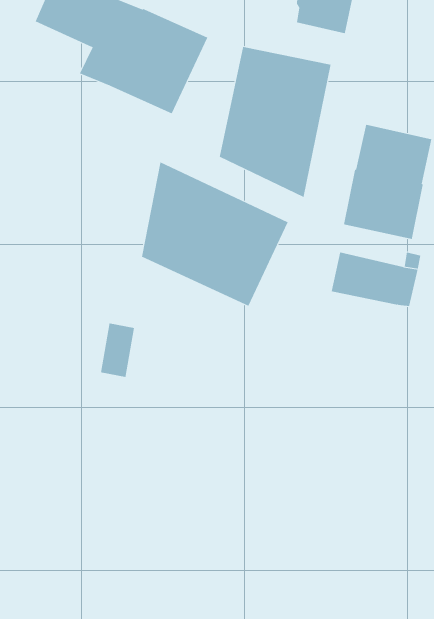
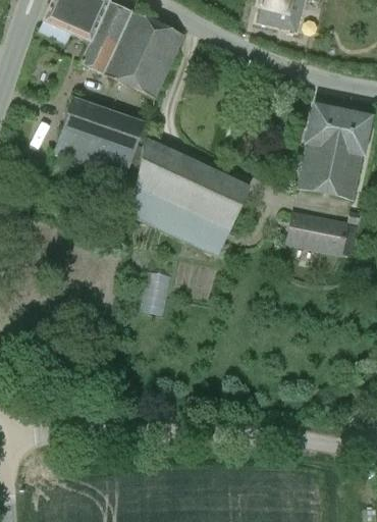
building: [219,46,331,198] -> none
building: none -> [52,96,145,178]
building: [100,323,135,377] -> [145,269,173,314]

